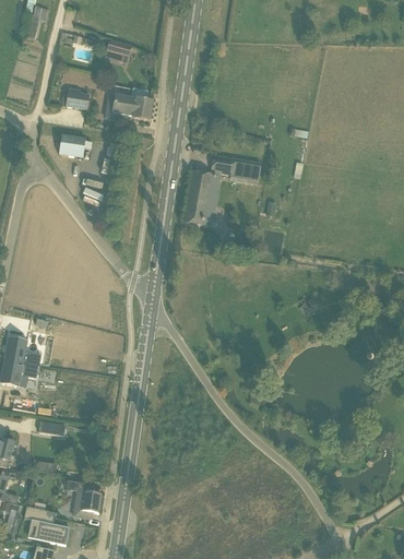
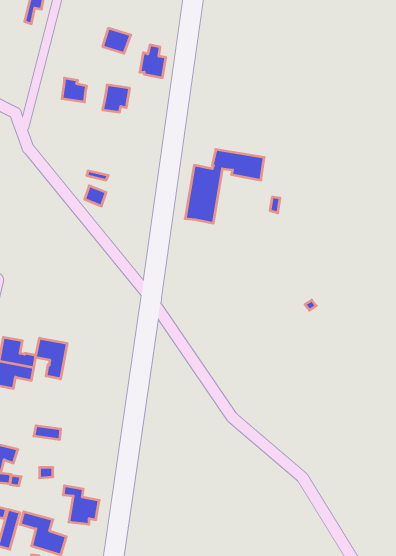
building: [127,87,152,119] -> [140,45,166,78]
building: [58,132,84,156] -> none
building: none -> [36,338,67,379]

